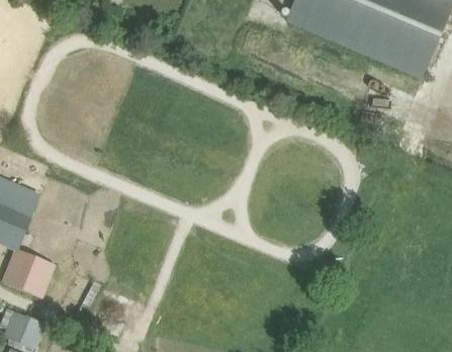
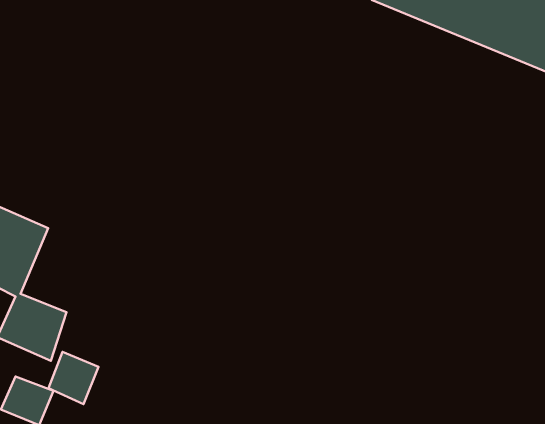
building: none -> [48,352,99,404]

